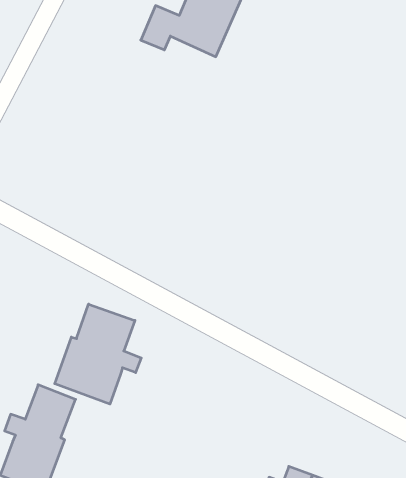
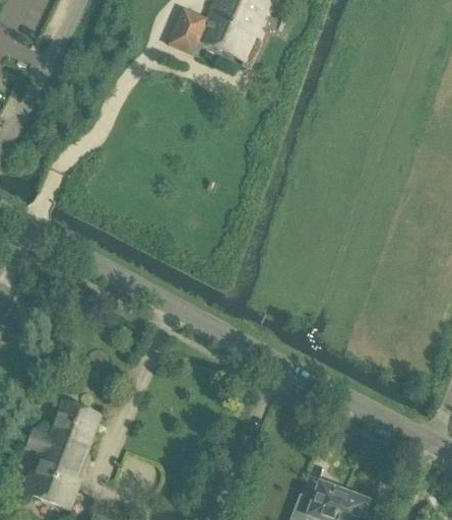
building: [55,304,141,404] -> none

